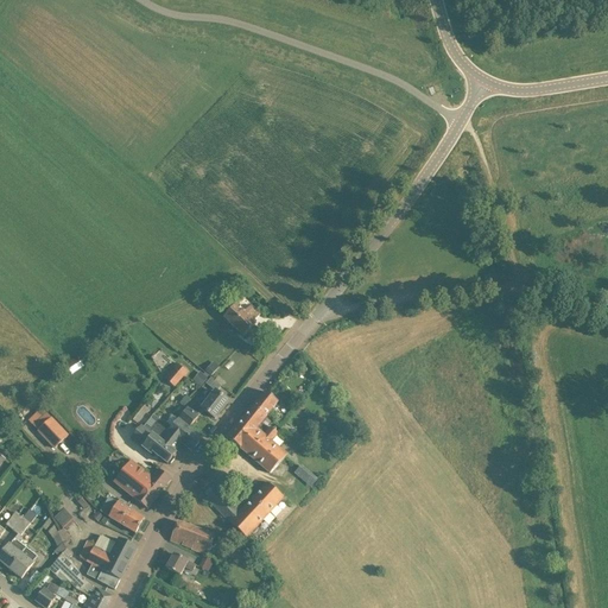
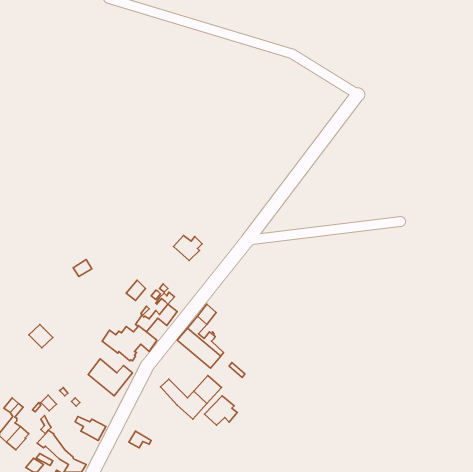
building: [108,496,144,531] -> none
building: none -> [204,396,237,425]
building: [169,520,214,551] -> none
building: [86,540,126,588] -> none

